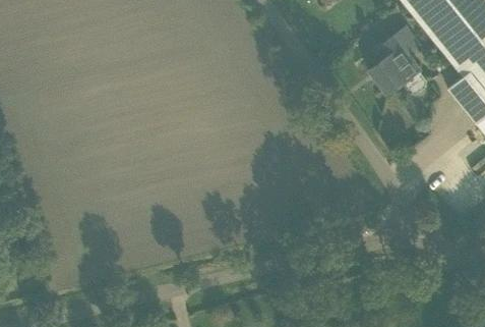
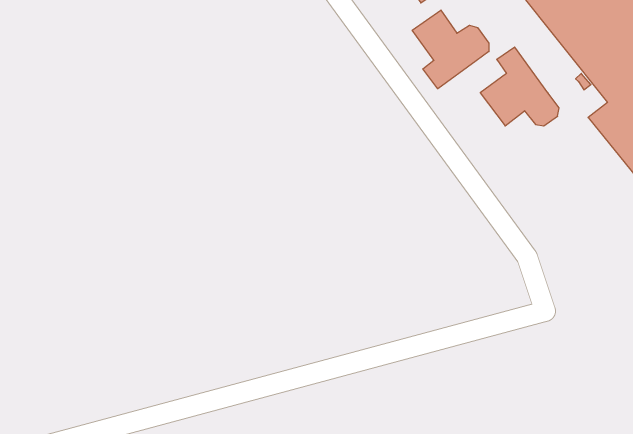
building: none -> [412,10,489,89]

